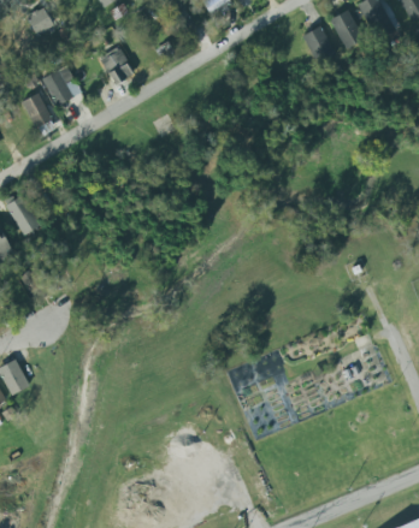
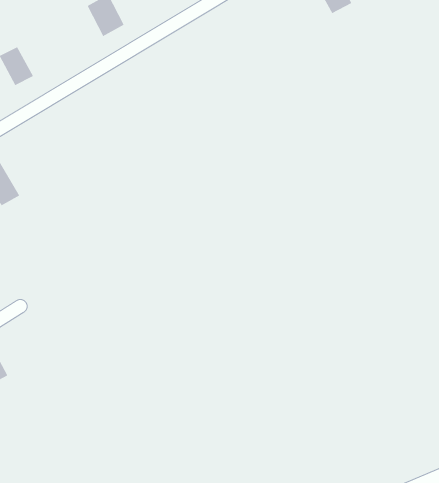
building: [41,69,73,106] -> none

